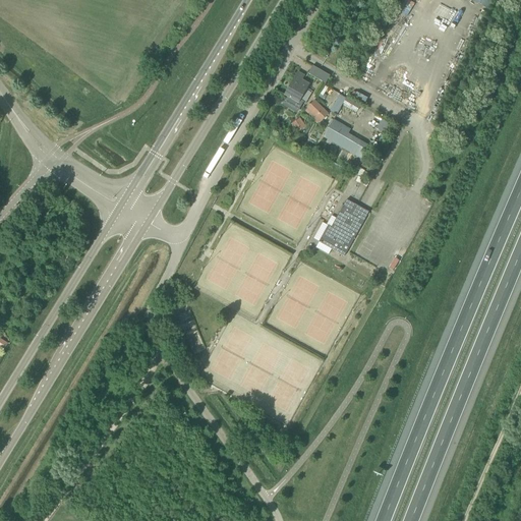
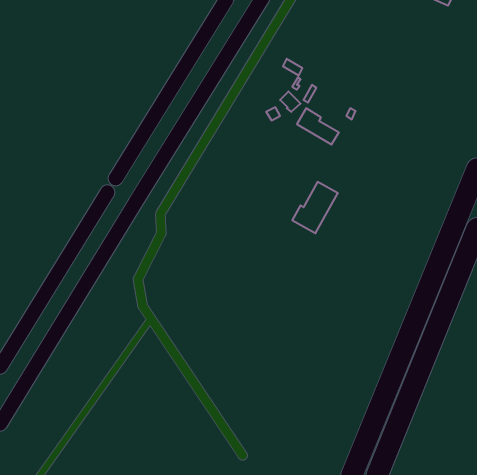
building: [284,70,309,110] -> none

